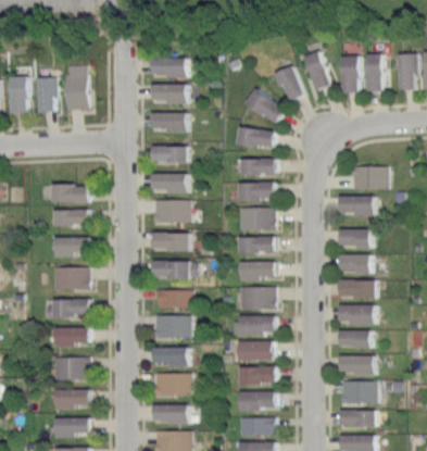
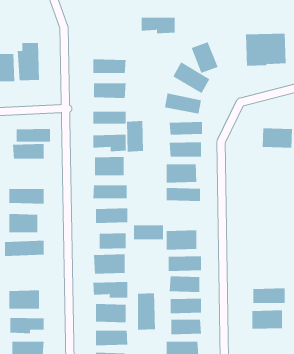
building: [294,50,326,90] -> none
building: [151,59,192,78] -> [141,17,176,34]
building: none -> [126,120,144,153]
building: [337,197,378,215] -> none
building: [53,210,95,226] -> [16,128,51,142]
building: [338,229,376,248] -> none
building: [344,255,377,273] -> none
building: [244,262,280,279] -> [133,225,164,240]
building: [338,280,380,298] -> none
building: [337,305,381,325] -> none
building: [58,328,93,346] -> none
building: [338,330,376,348] -> none
building: none -> [138,293,155,330]
building: [338,411,379,427] -> none

